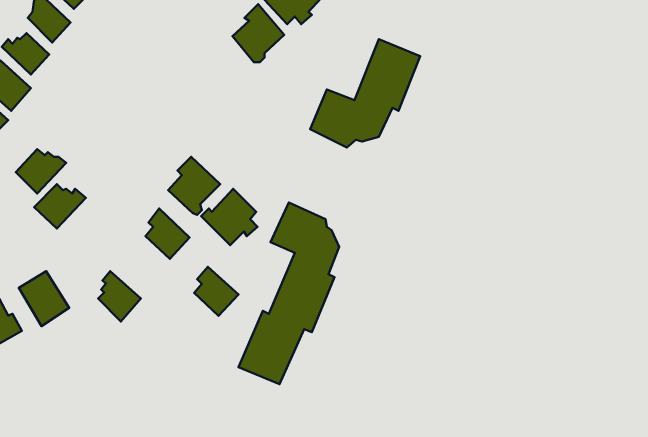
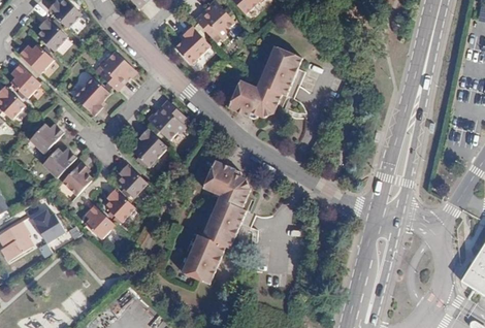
building: none -> [98,52,135,88]
building: none -> [74,77,109,116]
building: [201,189,258,245] -> [148,101,186,139]
building: none -> [62,161,92,194]
building: [194,267,238,316] -> [104,188,134,221]

